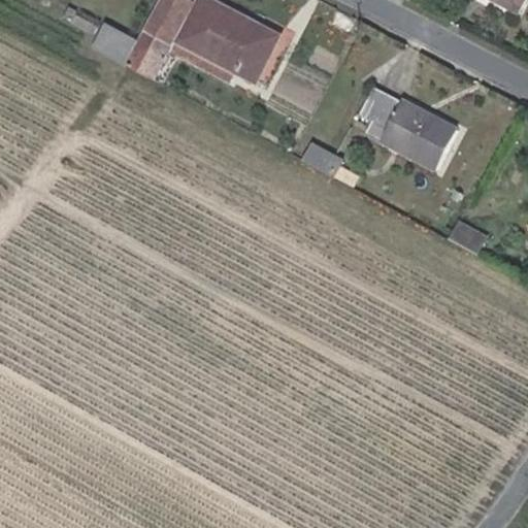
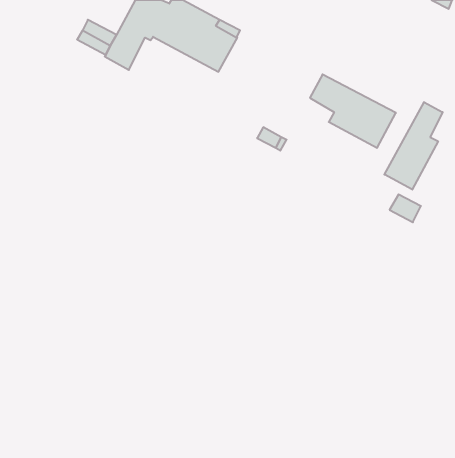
building: none -> [384,102,443,190]

